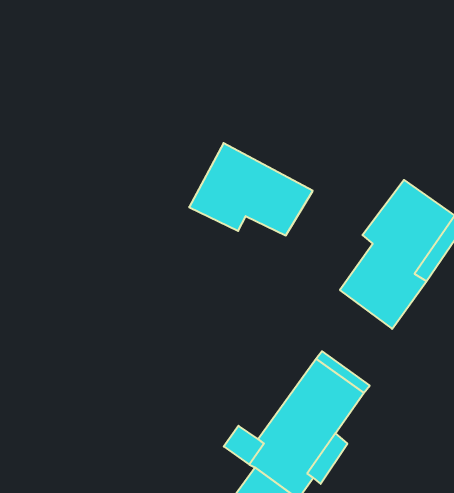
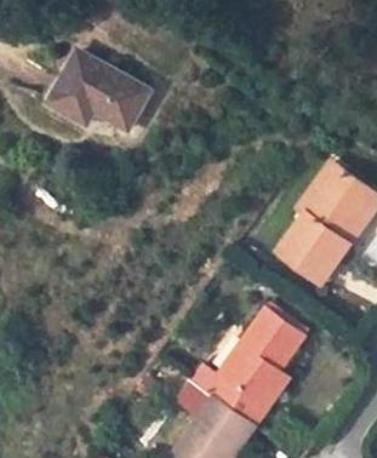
building: [189,143,313,235] -> [46,52,147,127]

